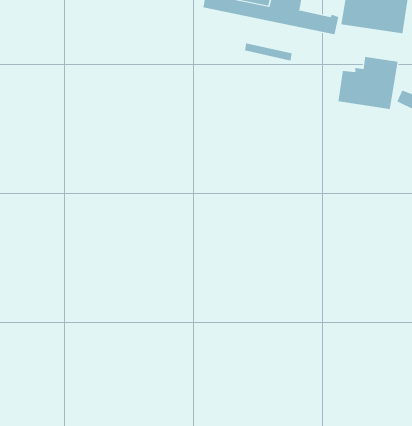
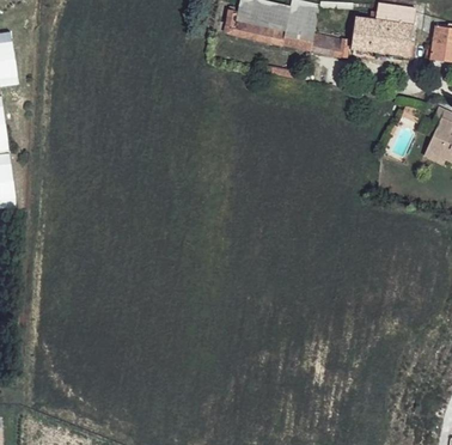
building: [338,56,398,110] -> none

